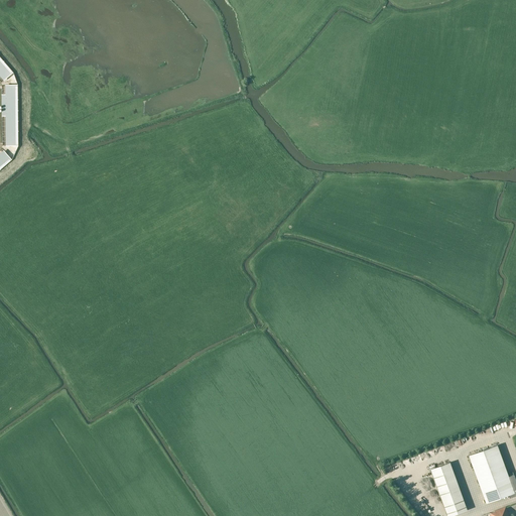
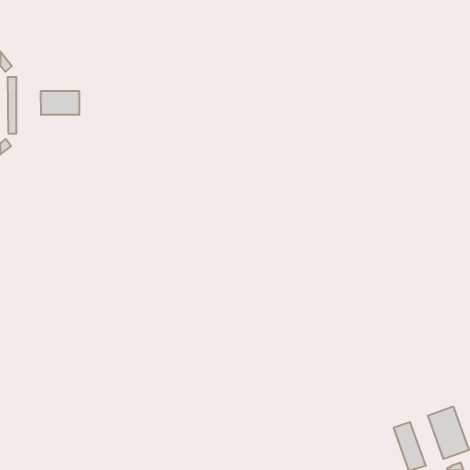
building: none -> [41,91,79,115]

